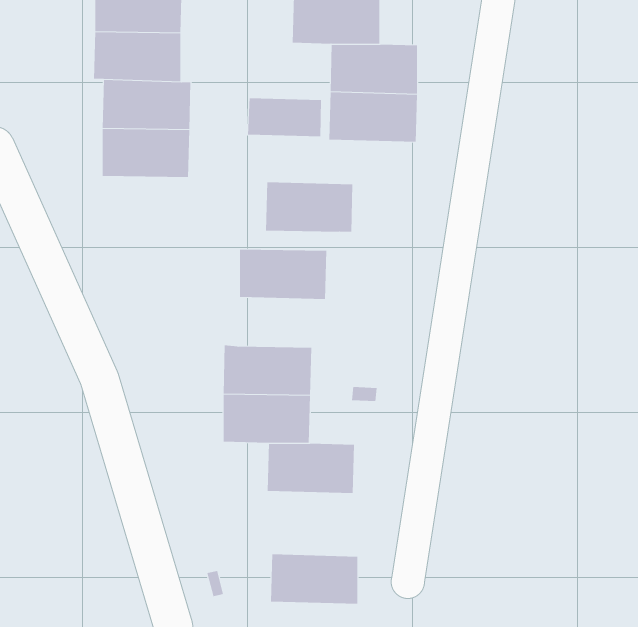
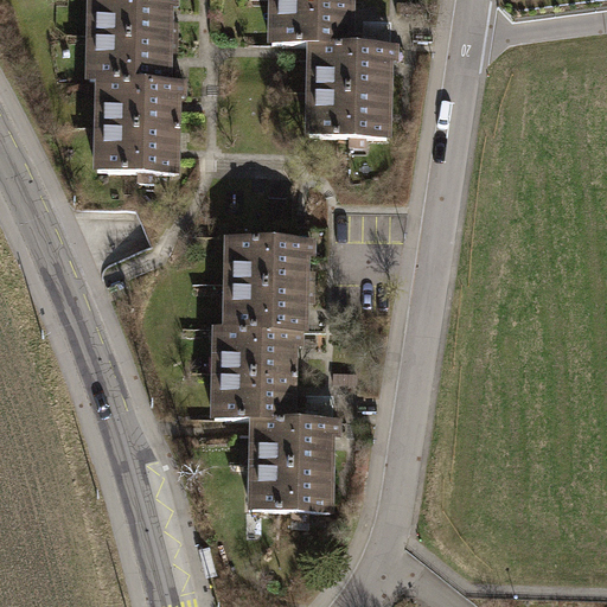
building: [248,97,321,137] -> none
building: [265,182,353,232] -> [224,280,307,327]
building: [270,554,358,604] -> [250,462,333,510]

